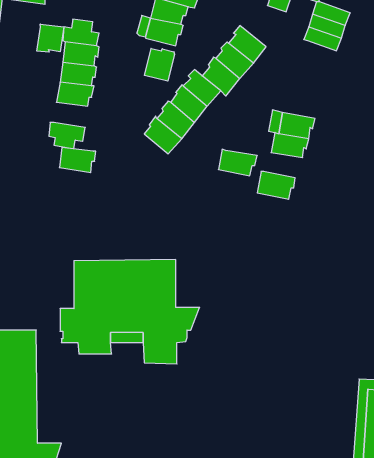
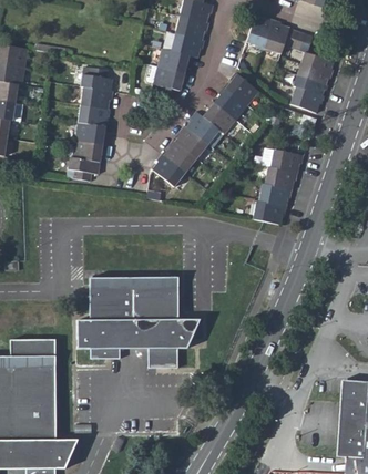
building: [37,24,64,52] -> none
building: none -> [290,84,325,111]
building: [144,48,174,81] -> none
building: [59,147,96,173] -> [73,138,105,161]
building: [218,149,257,176] -> [258,182,293,205]

